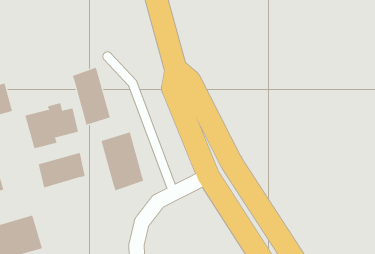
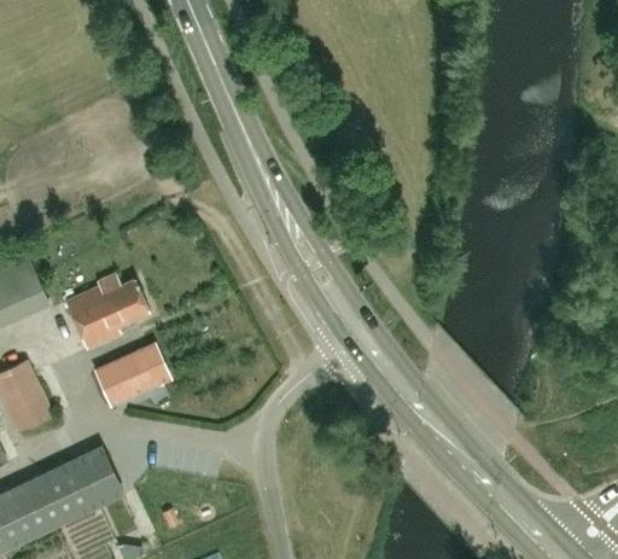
building: [72,67,110,126] -> none
building: [101,131,144,191] -> none

